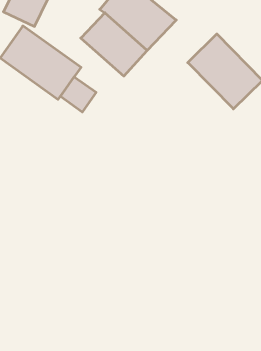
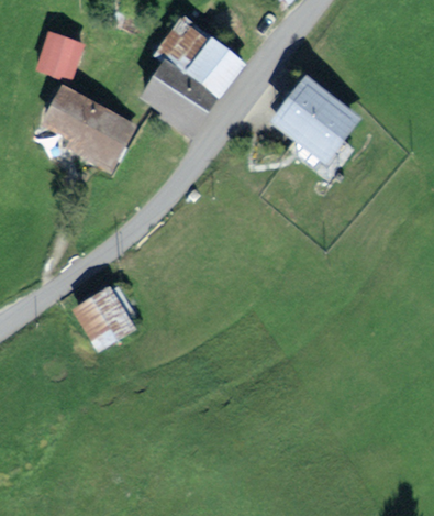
building: [60,77,96,112] -> none
building: none -> [78,287,134,347]

